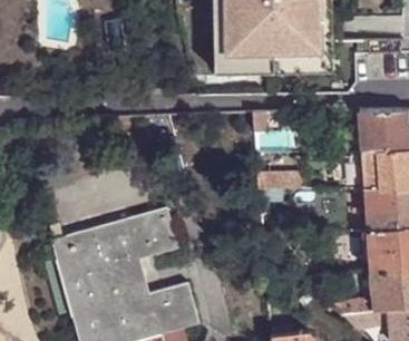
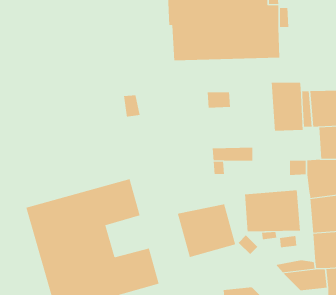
building: none -> [271,82,303,132]
building: none -> [244,189,300,232]
building: none -> [177,203,236,258]

